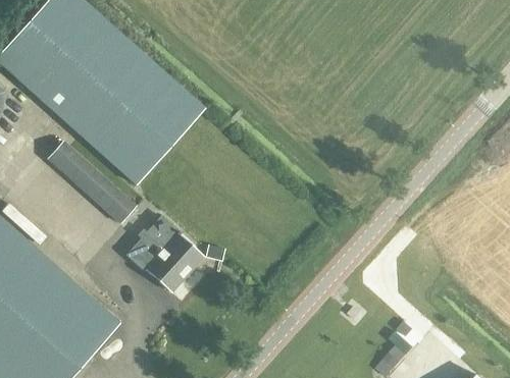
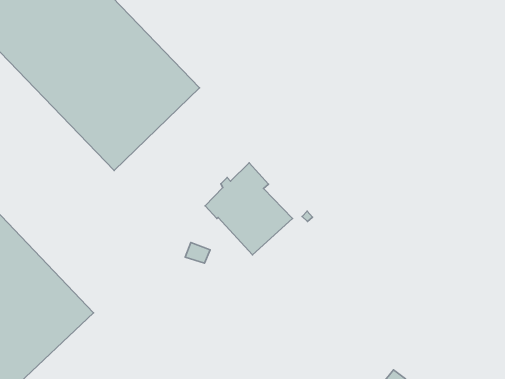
building: [47,143,135,224] -> none
building: [125,214,203,294] -> [205,163,292,255]

